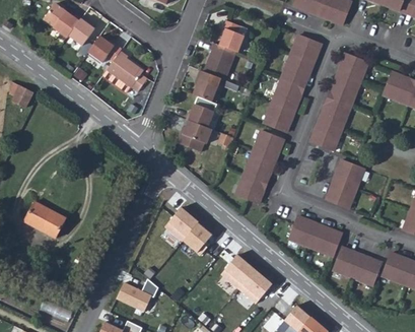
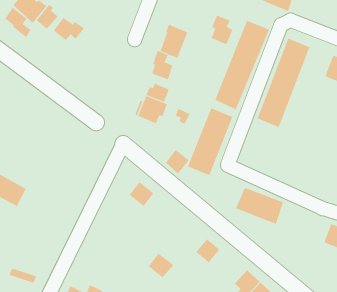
building: [222,17,247,50] -> [211,15,233,45]
building: none -> [5,7,31,38]
building: [106,48,145,88] -> none
building: [325,161,363,210] -> none
building: [187,222,213,250] -> [165,149,190,175]
building: [332,247,379,285] -> none
building: [226,258,255,285] -> [148,253,174,278]
building: [116,279,155,312] -> none

